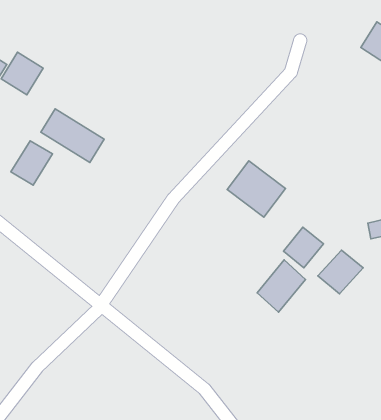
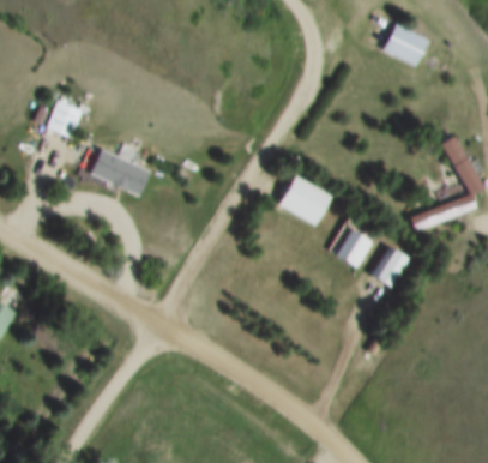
building: [11,141,53,185] -> none
building: [257,260,306,312] -> none

